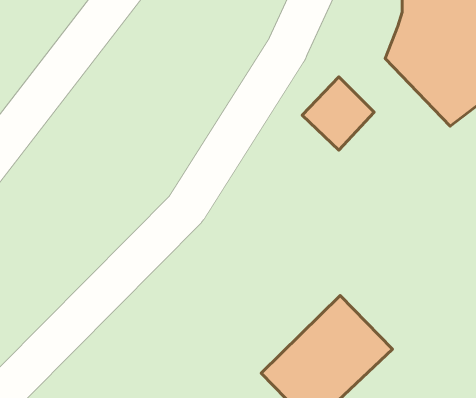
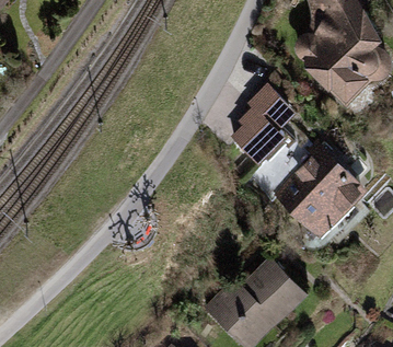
building: none -> [267,139,368,240]

